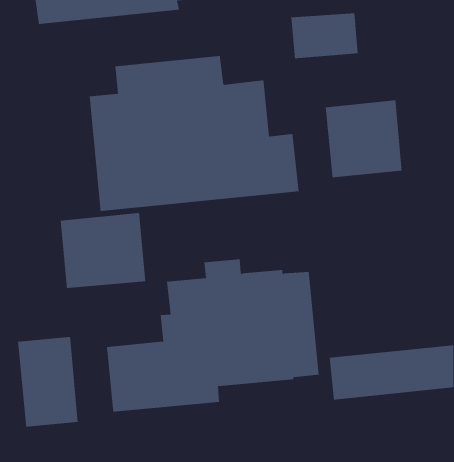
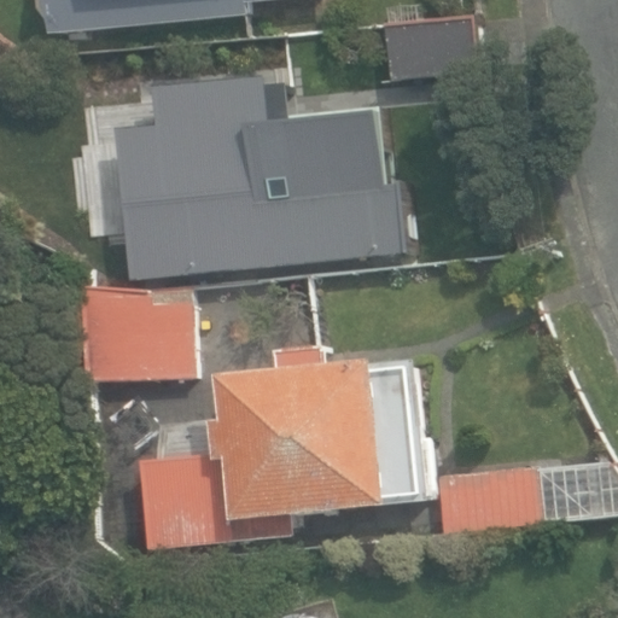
building: [325,100,402,178] -> none
building: [17,336,78,427] -> none

